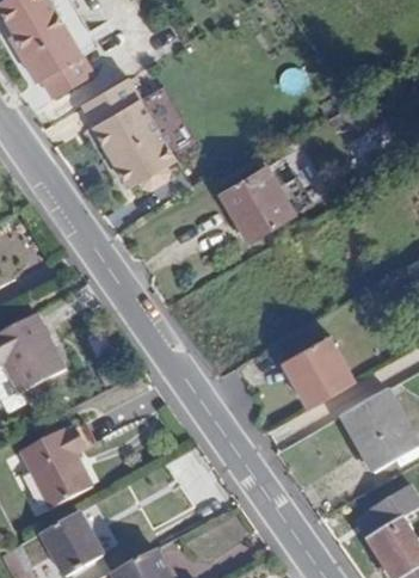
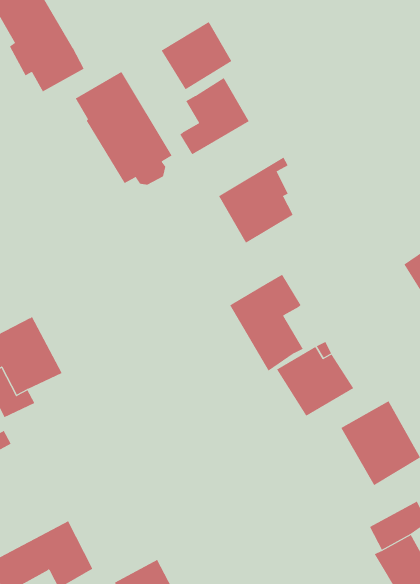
building: none -> [161,21,232,90]
building: none -> [180,77,250,155]
building: none -> [229,274,303,371]
building: [20,426,91,506] -> none

